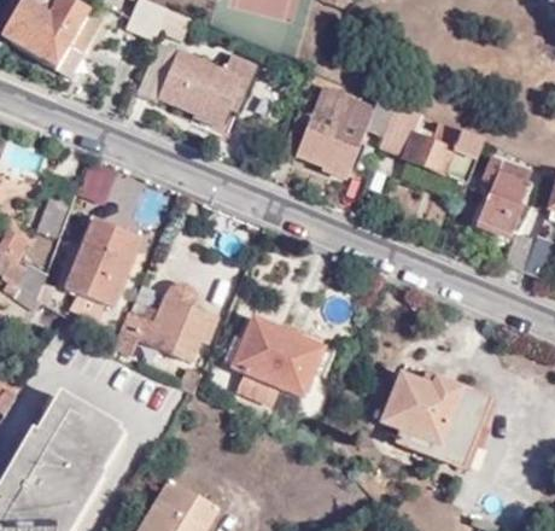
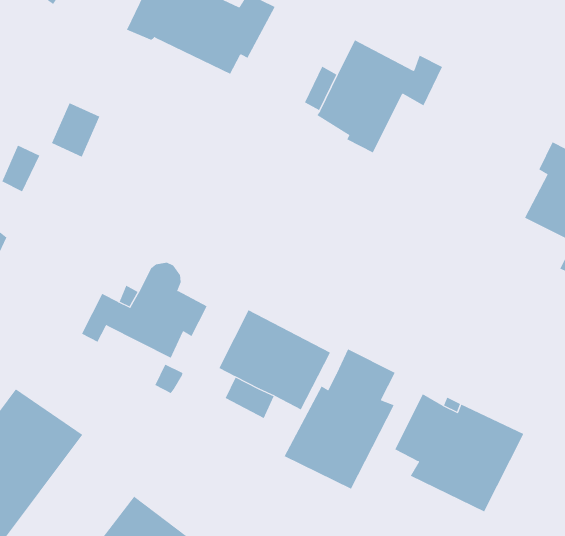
building: [379,103,485,183] -> none
building: [65,217,142,307] -> none
building: none -> [284,348,395,489]

